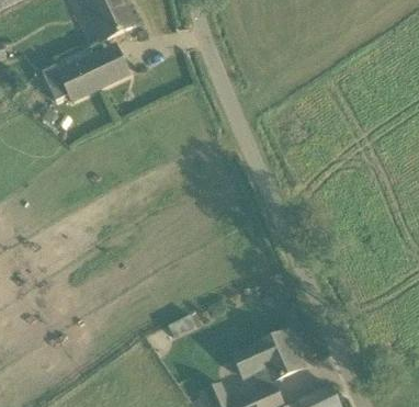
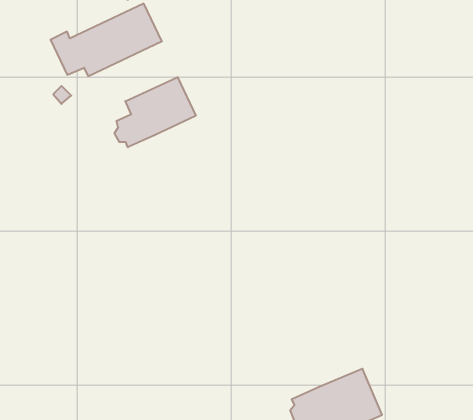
building: none -> [115,77,196,147]

